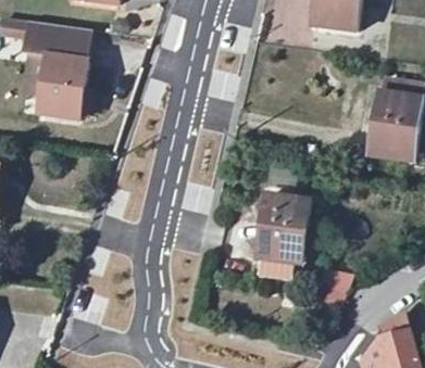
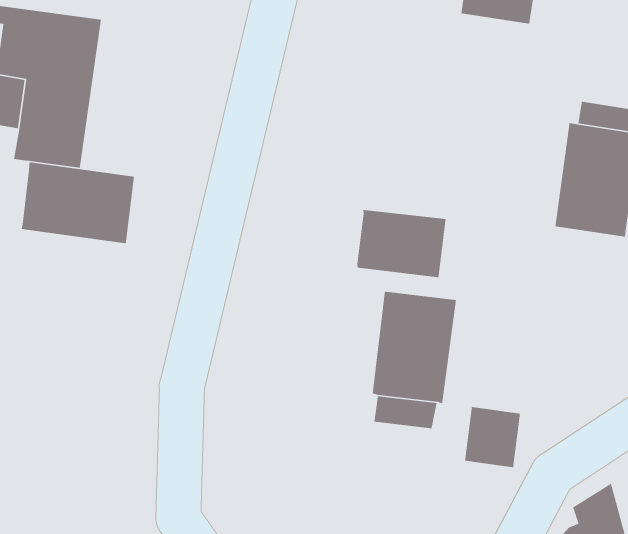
building: none -> [20,162,135,244]
building: none -> [357,209,446,278]

